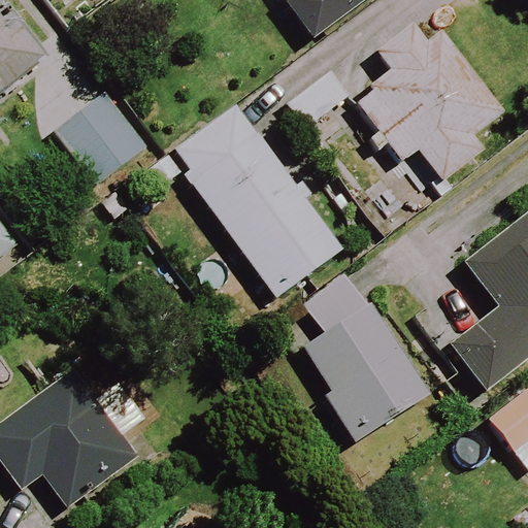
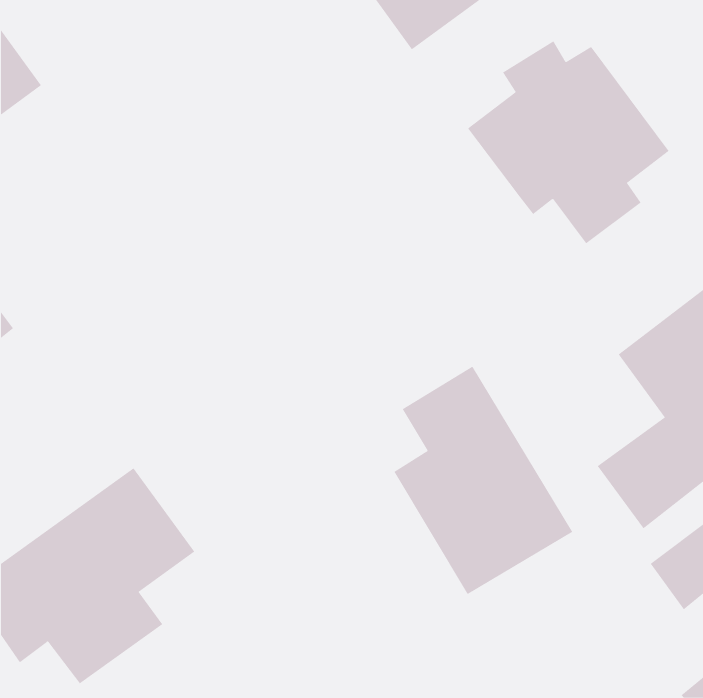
building: [57,92,145,183] -> none
building: [155,105,341,296] -> none

